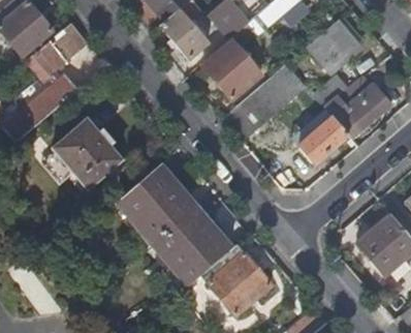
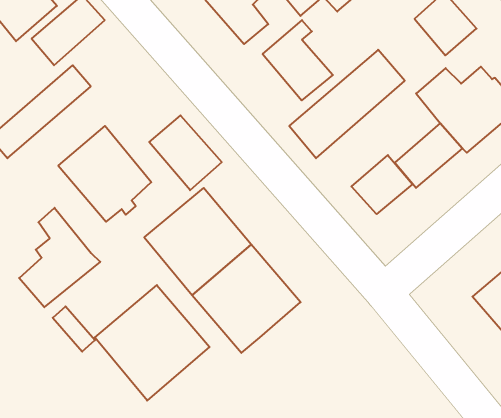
building: none -> [149,115,222,190]
building: none -> [351,155,412,214]
building: none -> [19,208,100,307]
building: none -> [95,285,210,401]
building: [200,243,271,314] -> none

